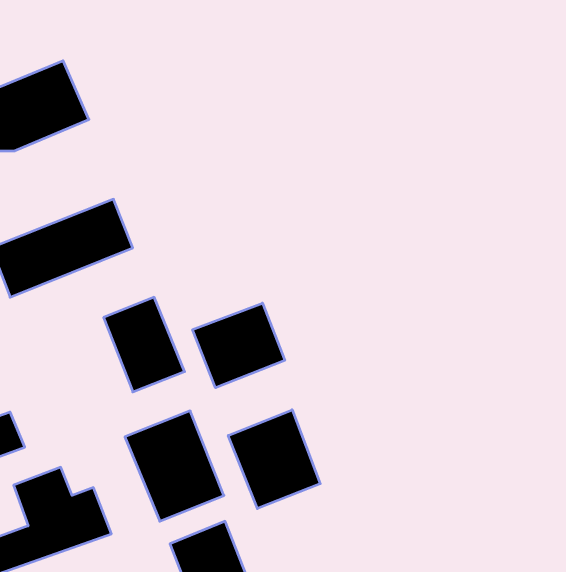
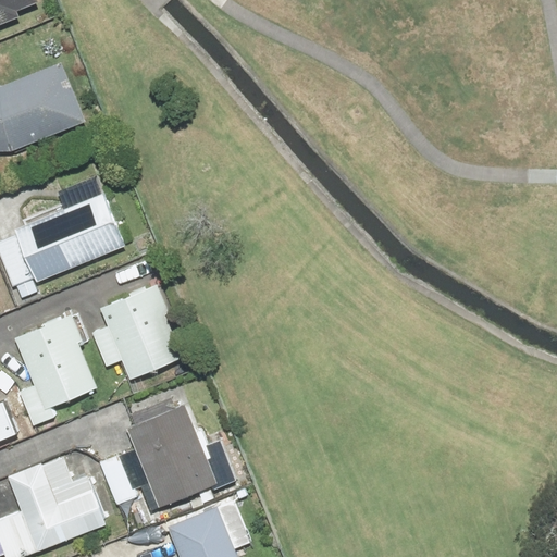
building: [193,303,285,388] -> none
building: none -> [14,319,91,410]
building: [228,410,320,509] -> none

